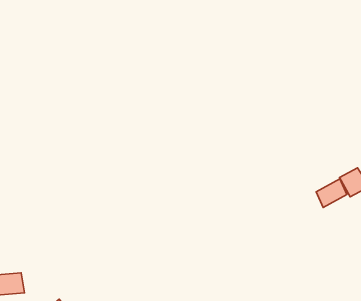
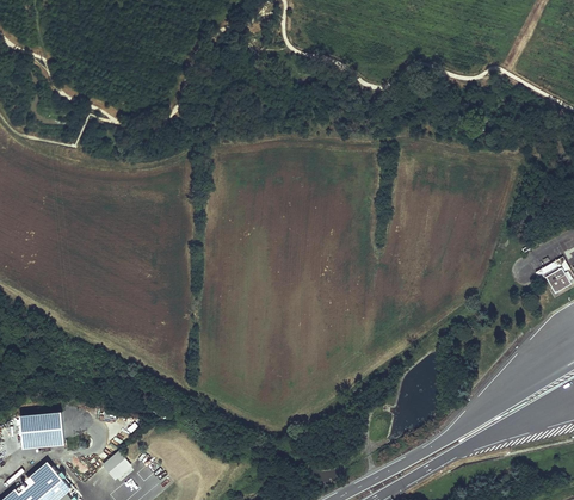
building: [316,179,347,208] -> none

